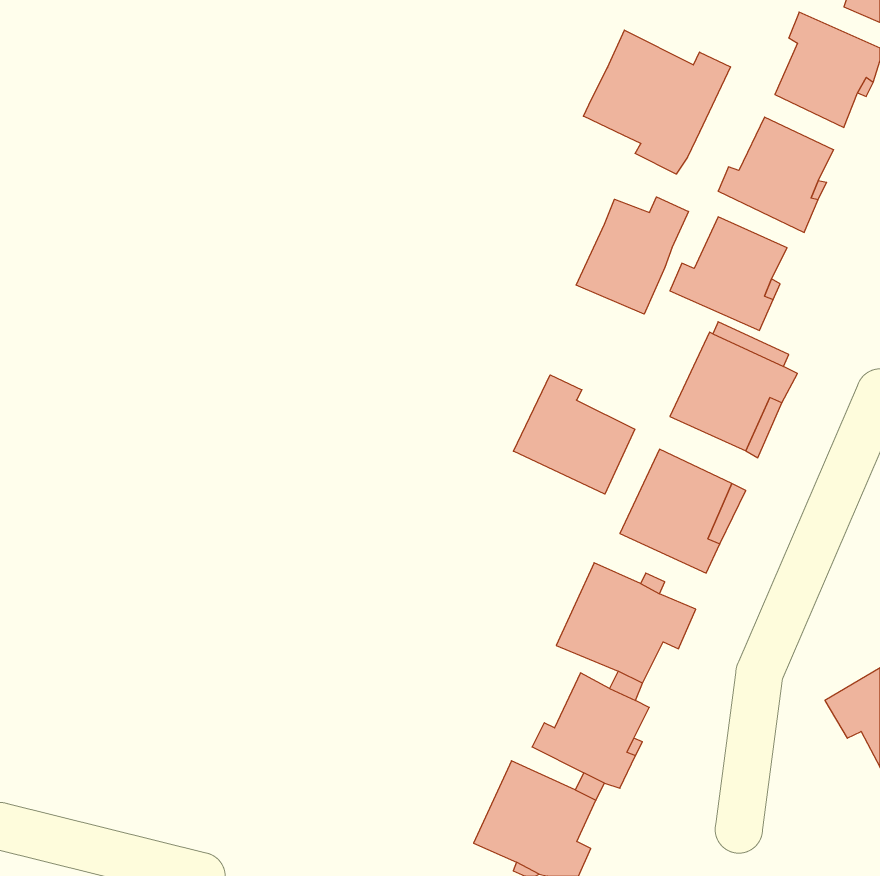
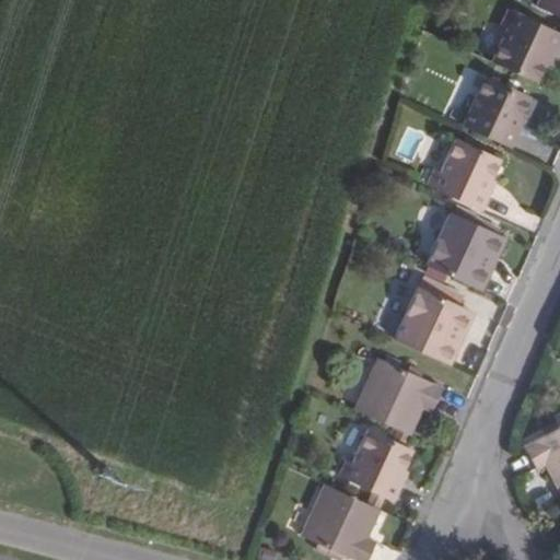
building: [583,30,730,174] -> none
building: [576,197,688,314] -> none
building: [513,375,635,494] -> none

